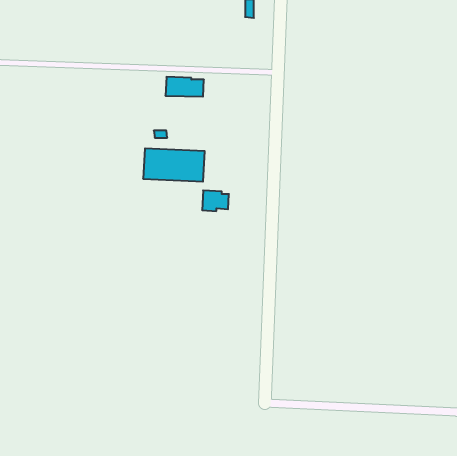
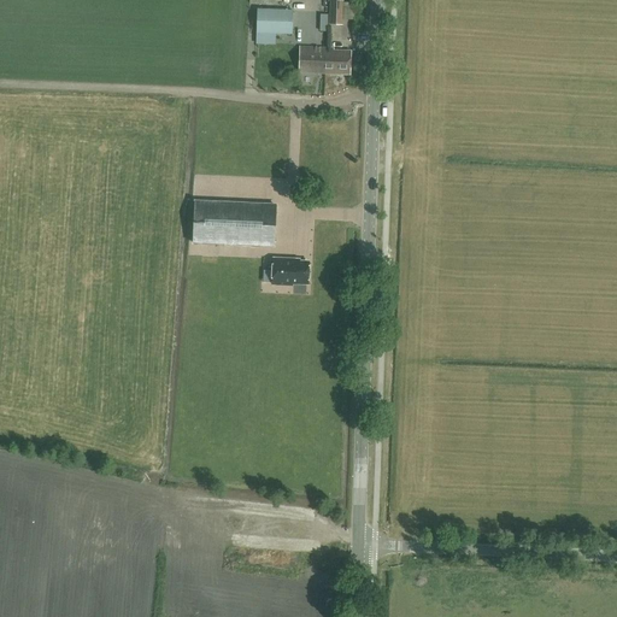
building: none -> [257,7,293,31]
building: [165,77,204,97] -> [299,46,351,72]

